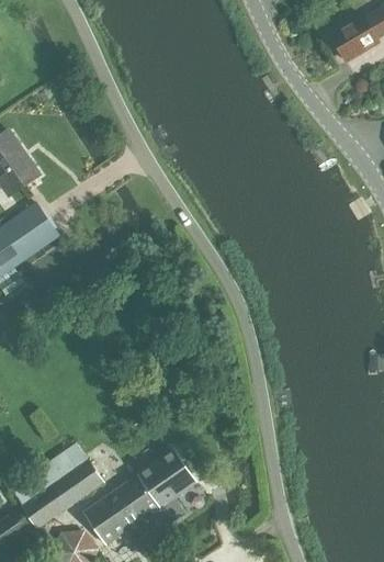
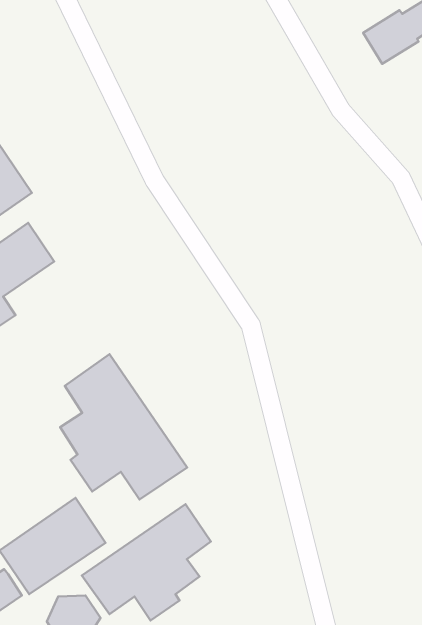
building: none -> [60,354,187,499]

